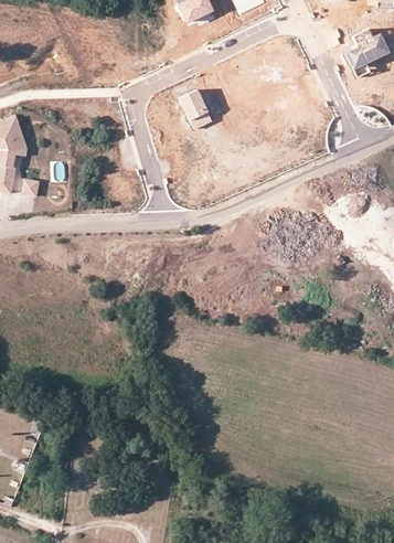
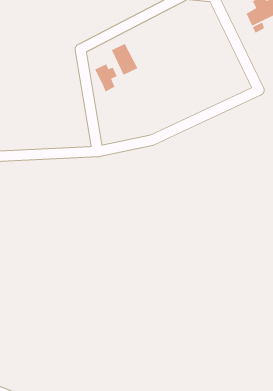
building: none -> [94,63,118,92]

